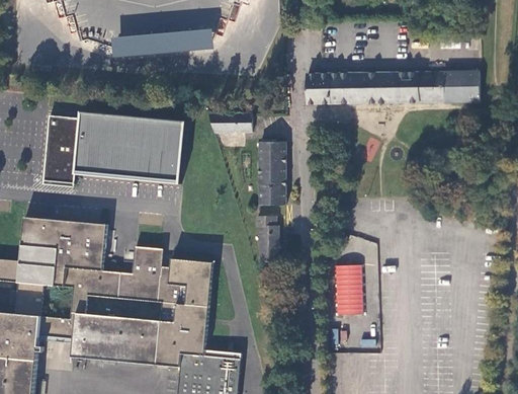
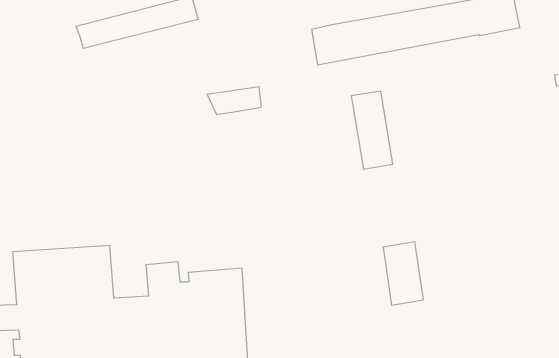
building: [41,111,183,187] -> none
building: [260,142,285,205] -> [351,91,393,169]
building: [257,217,278,262] -> none

